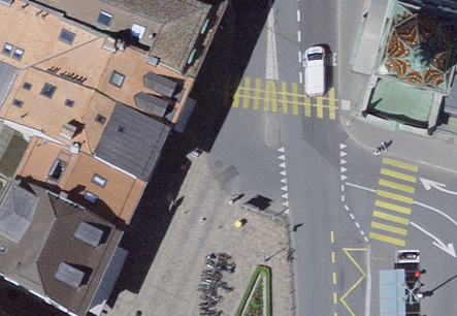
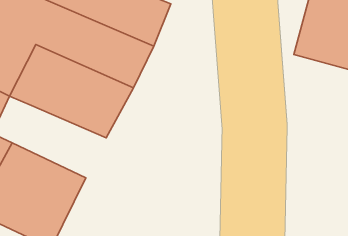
building: [31,144,145,231] -> none

